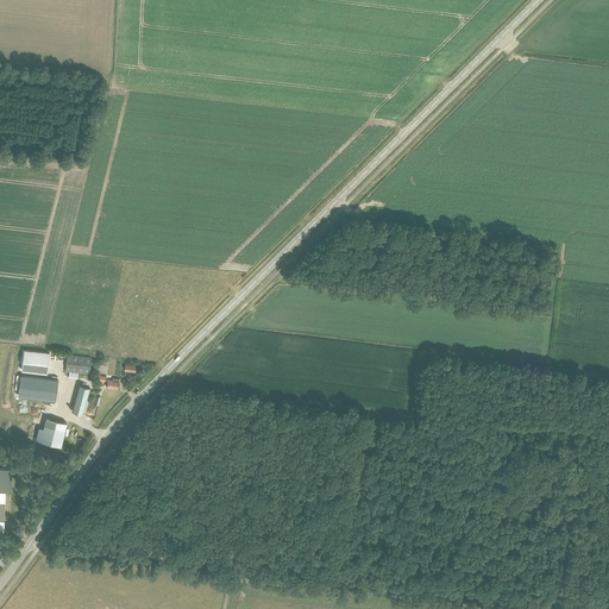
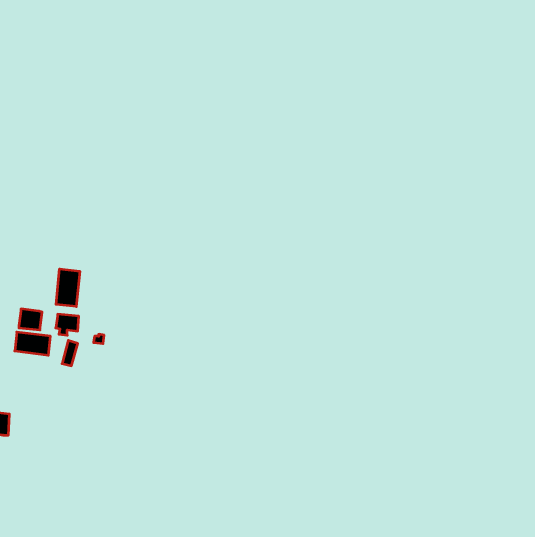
building: none -> [56,269,80,307]
building: [38,417,64,447] -> none

